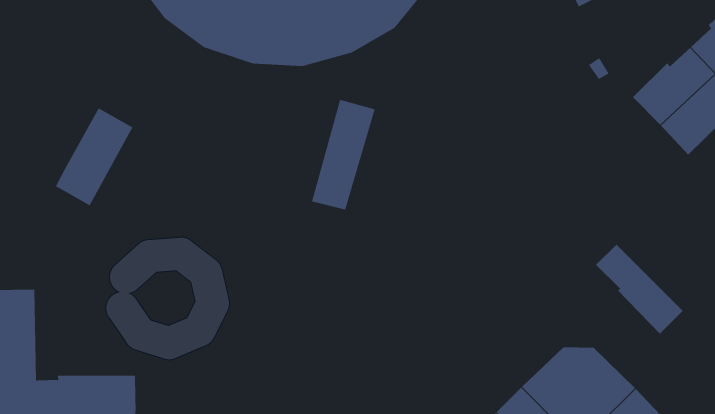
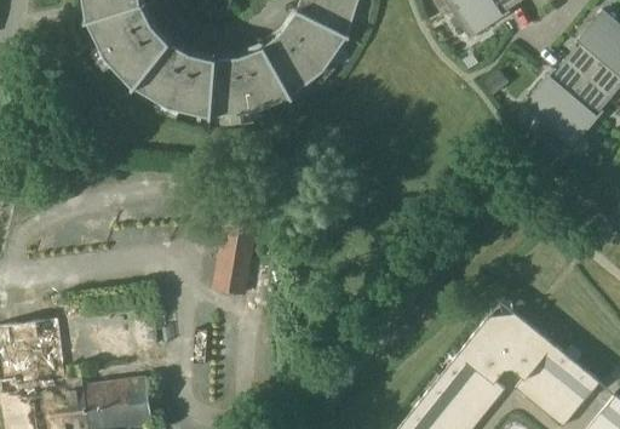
building: [311,99,376,210] -> [216,202,259,292]
building: [55,108,133,206] -> none
building: [595,244,683,335] -> none

